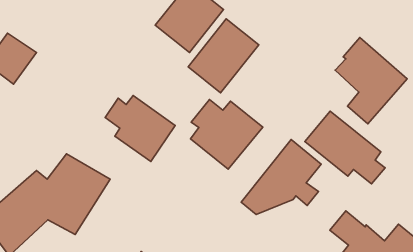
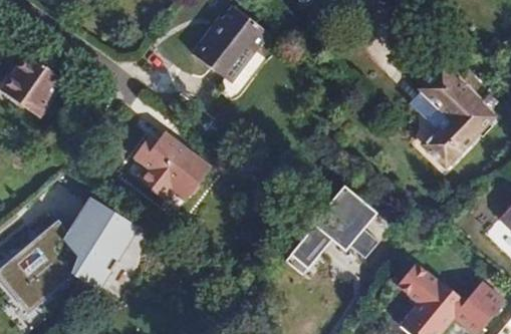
building: [188,19,259,93] -> none
building: [190,100,263,169] -> none
building: [305,111,385,184] -> none

